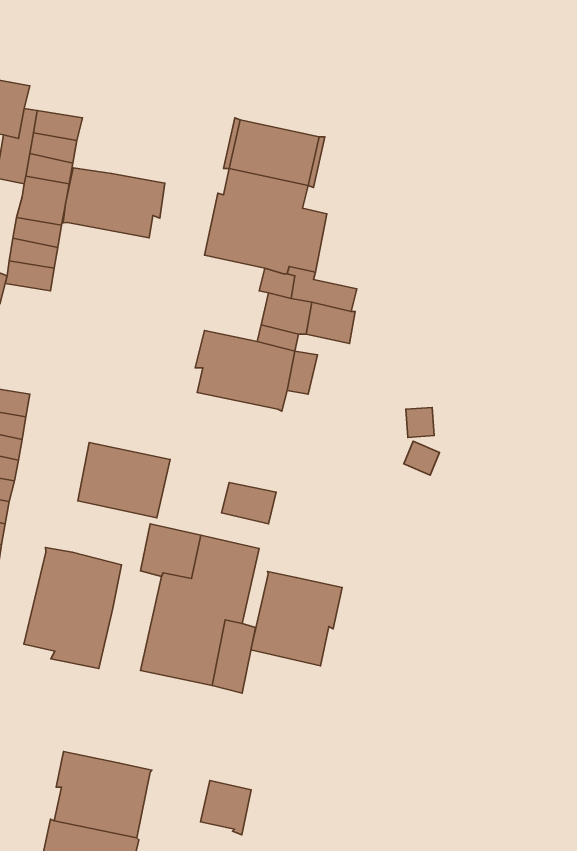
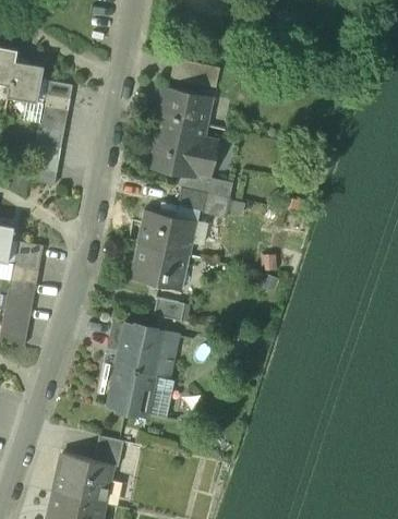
building: none -> [170,58,220,87]
building: [63,168,165,238] -> none
building: [78,443,170,518] -> [133,244,186,288]
building: [24,547,121,668] -> none
building: [251,571,342,666] -> none
building: [201,780,251,835] -> [94,435,123,467]

